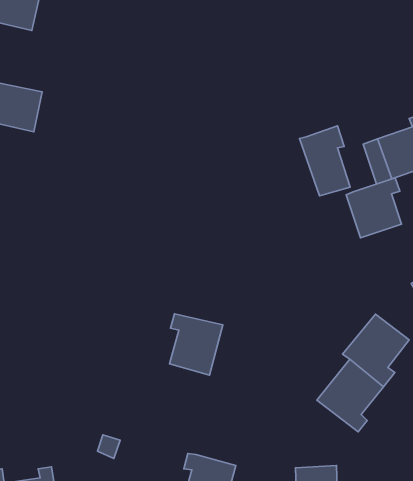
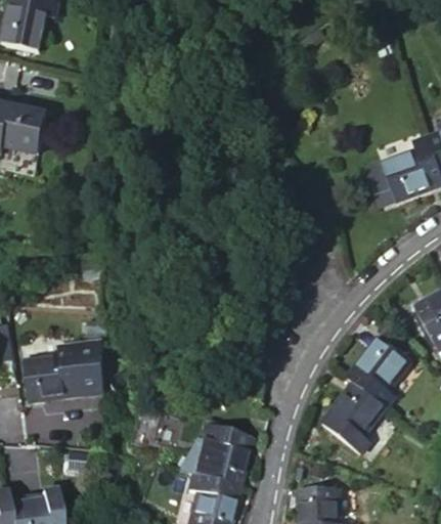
building: [300,126,350,196] -> none
building: [346,178,402,238] -> none
building: [169,314,223,375] -> [200,426,253,487]
building: none -> [21,344,94,402]

